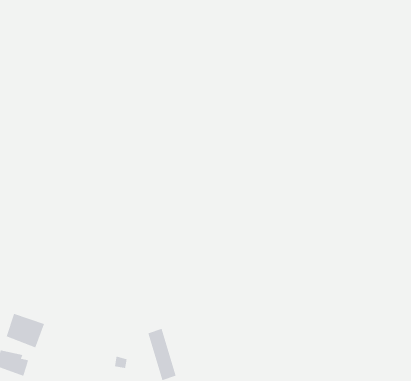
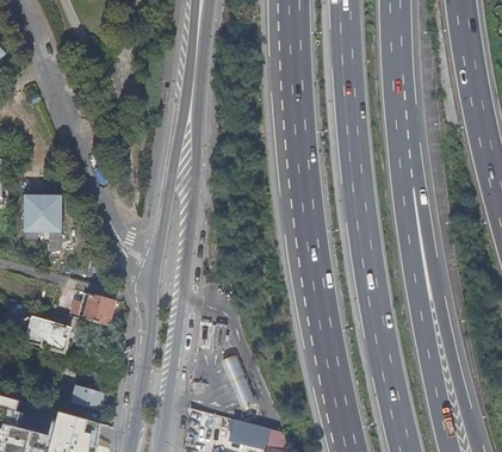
building: [6,313,45,348] -> [76,292,114,326]

